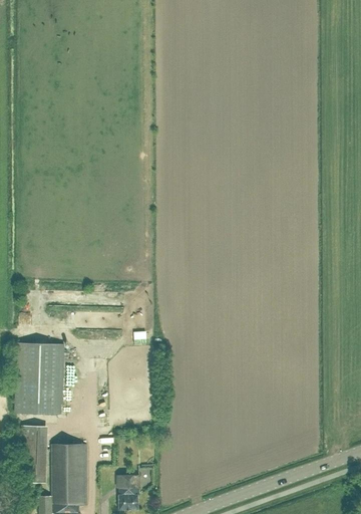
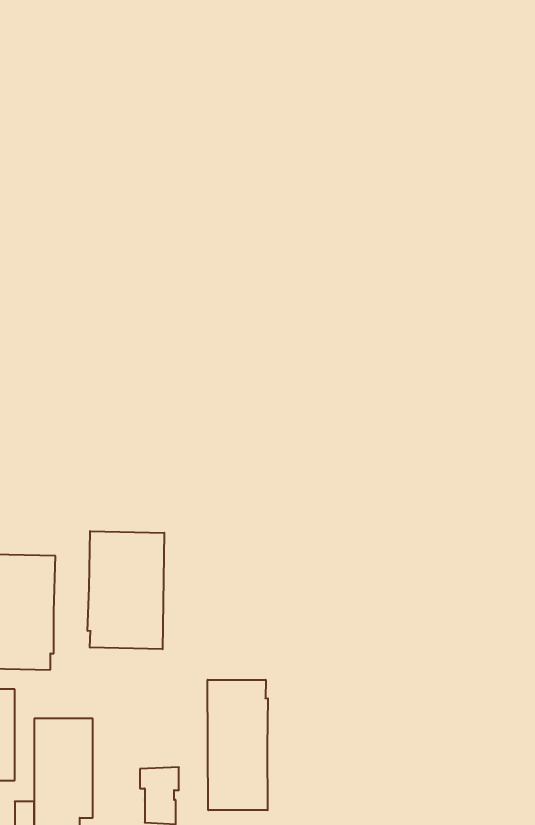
building: none -> [88,531,164,649]
building: none -> [208,680,268,810]

